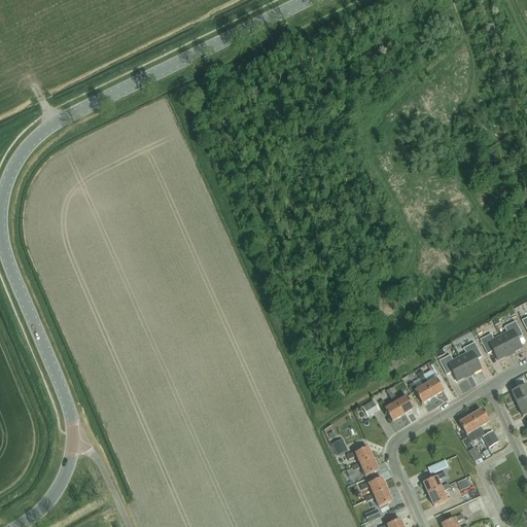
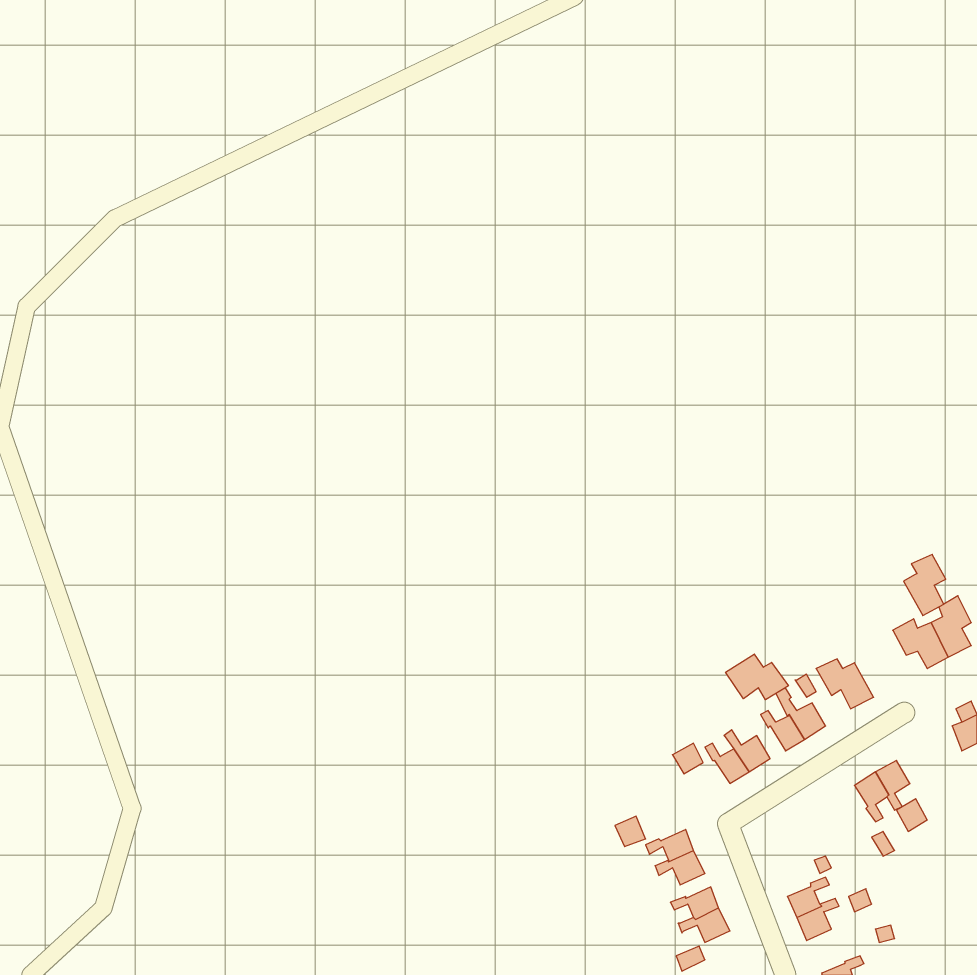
building: [459,342,482,375] -> [904,554,946,616]
building: none -> [726,654,788,700]

